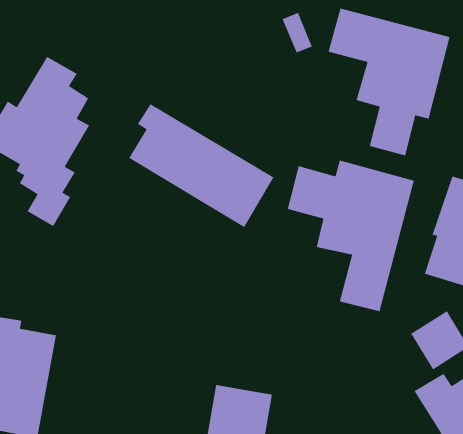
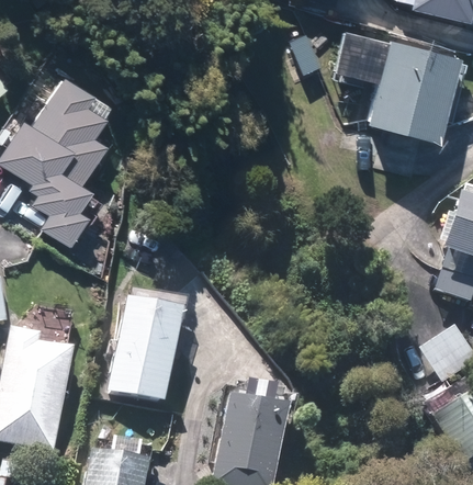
building: [128,103,275,228] -> none
building: [287,160,415,312] -> none
building: none -> [108,302,180,403]

